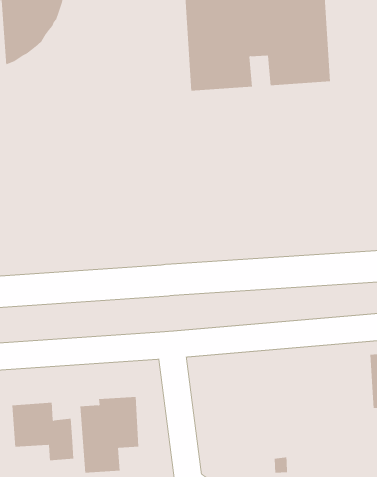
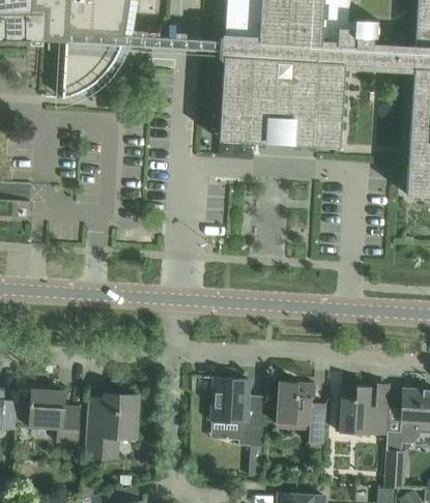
building: none -> [275,382,326,444]
building: none -> [211,379,264,448]

